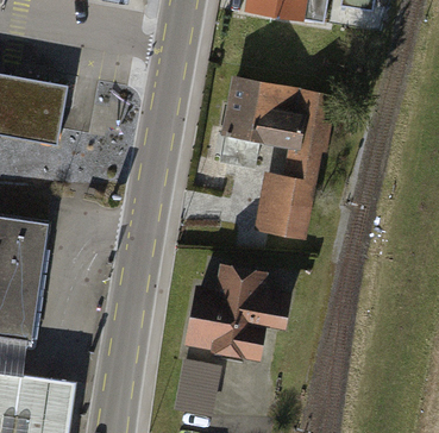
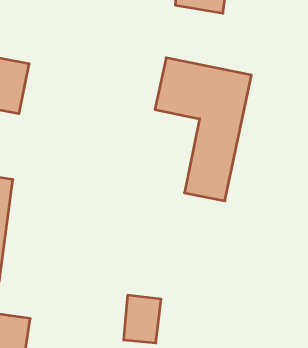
building: [187,264,283,351] -> none

